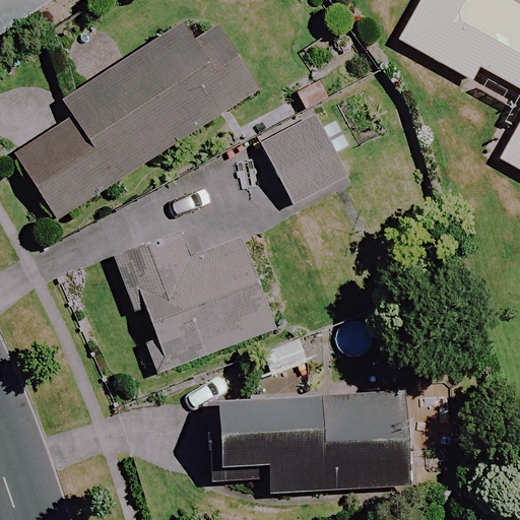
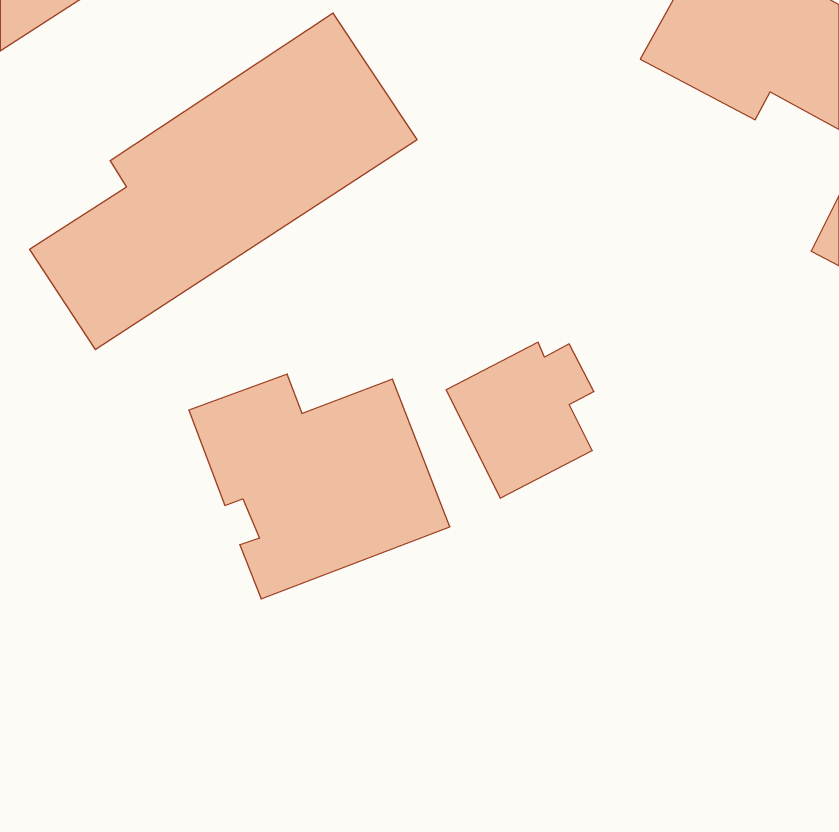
building: [260,112,351,208] -> [446,342,594,498]
building: [208,395,411,492] -> none

